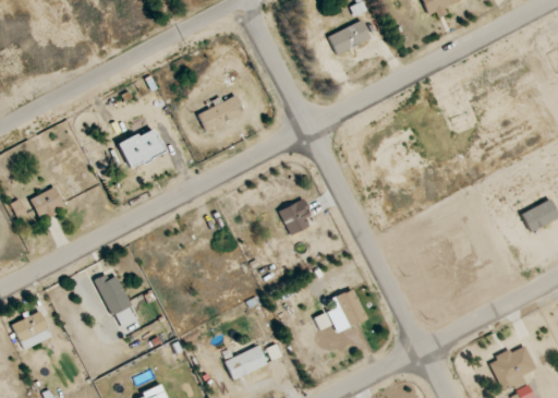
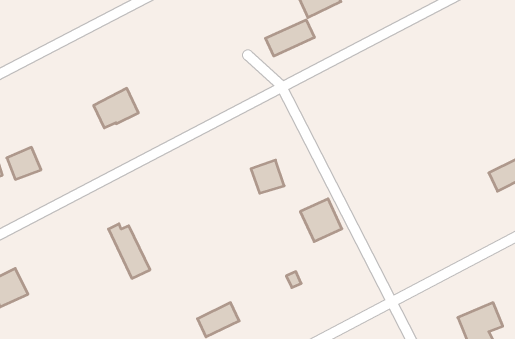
building: none -> [265,20,314,56]
building: [197,96,244,130] -> none
building: [95,273,137,328] -> [108,224,150,278]
building: [325,288,367,331] -> [300,199,342,242]

